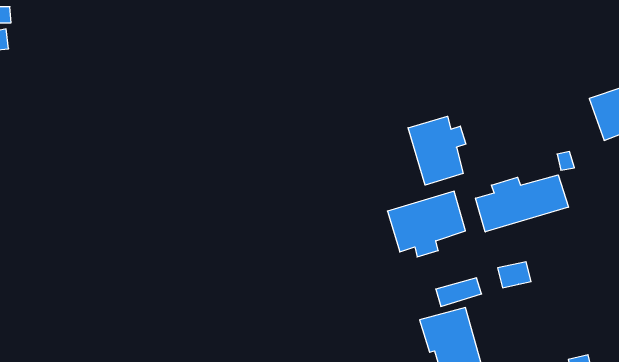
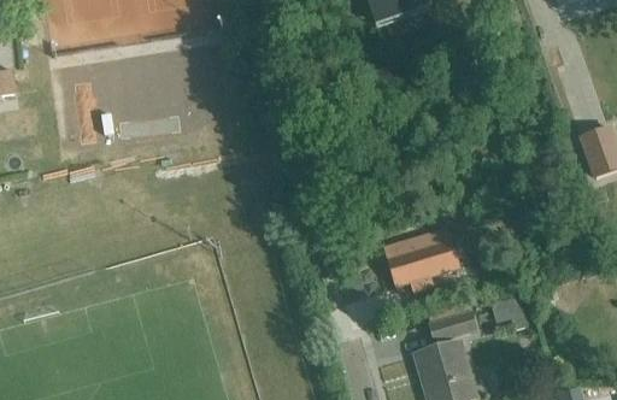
building: [408,116,466,185] -> none
building: [476,175,568,232] -> none

